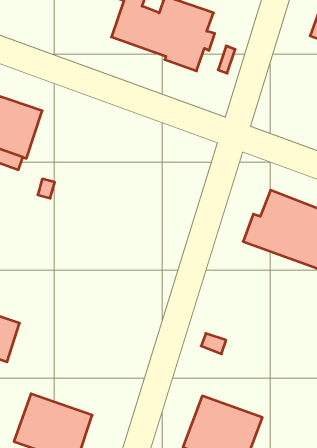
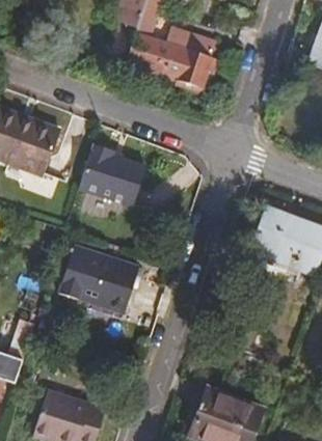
building: none -> [81,143,147,205]
building: none -> [64,243,141,304]

